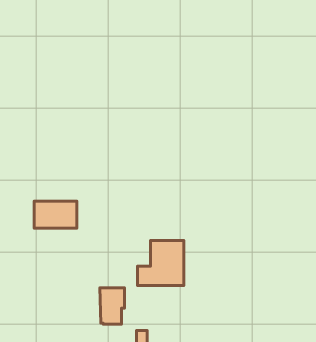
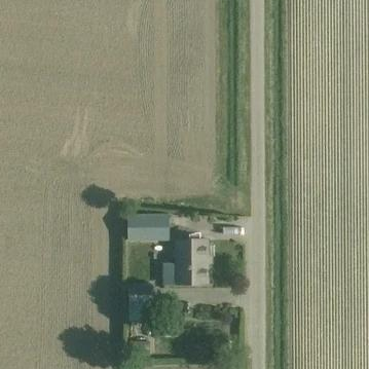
building: [34,201,77,228] -> [128,214,170,239]

